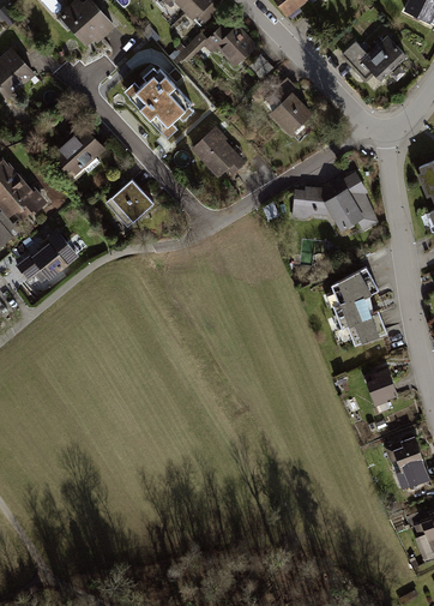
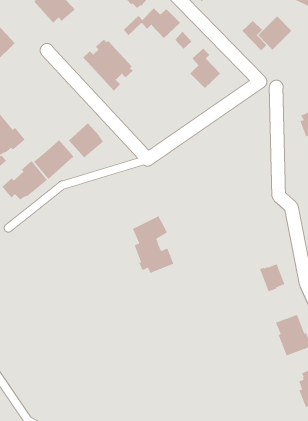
building: [191,125,246,178] -> none
building: [50,126,106,180] -> [33,140,74,180]
building: [291,172,379,233] -> none
building: [330,268,386,346] -> [132,216,174,274]

